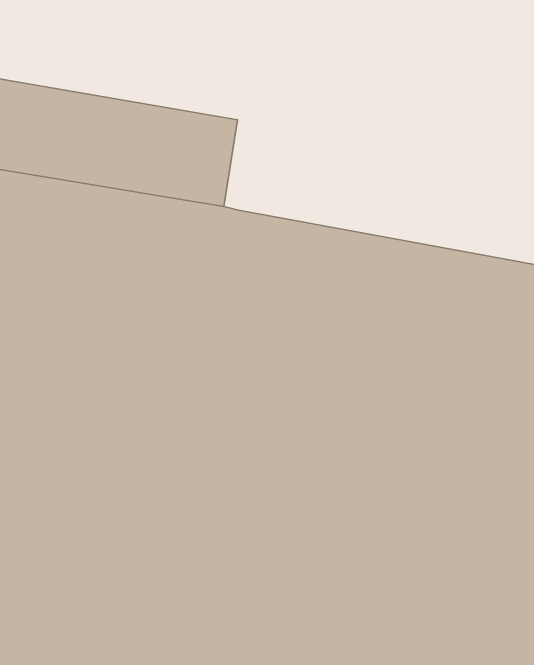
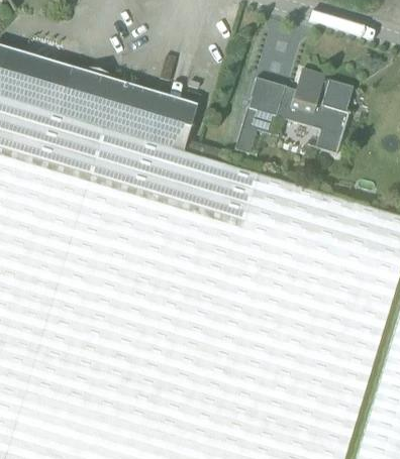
building: none -> [235,71,354,156]

